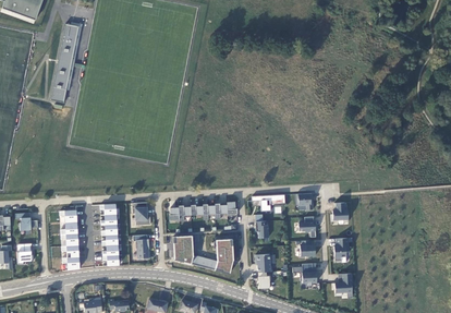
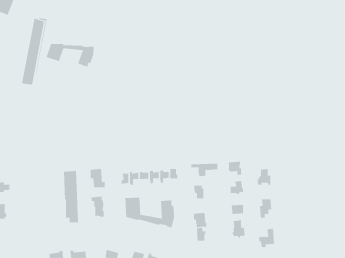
building: none -> [46,43,94,67]
building: [60,210,78,269] -> none

